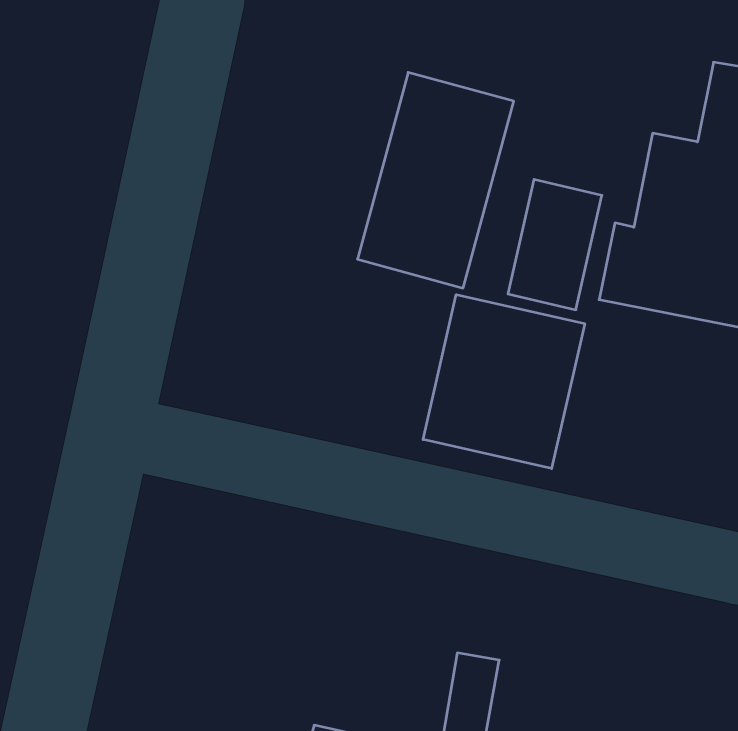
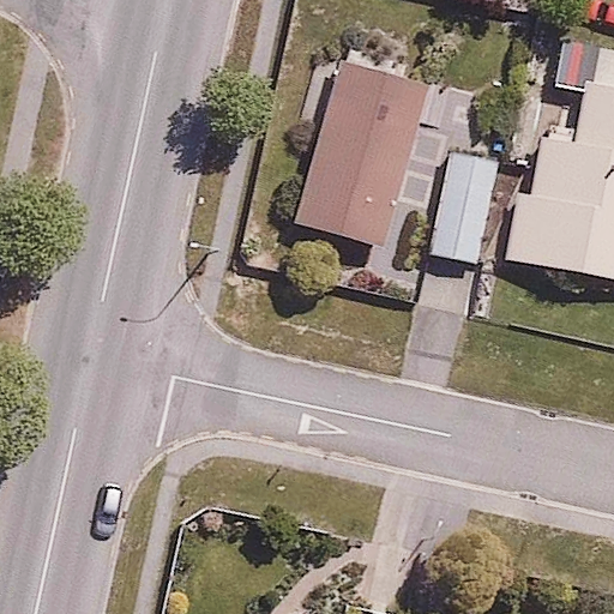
building: [423,295,585,469] -> none

